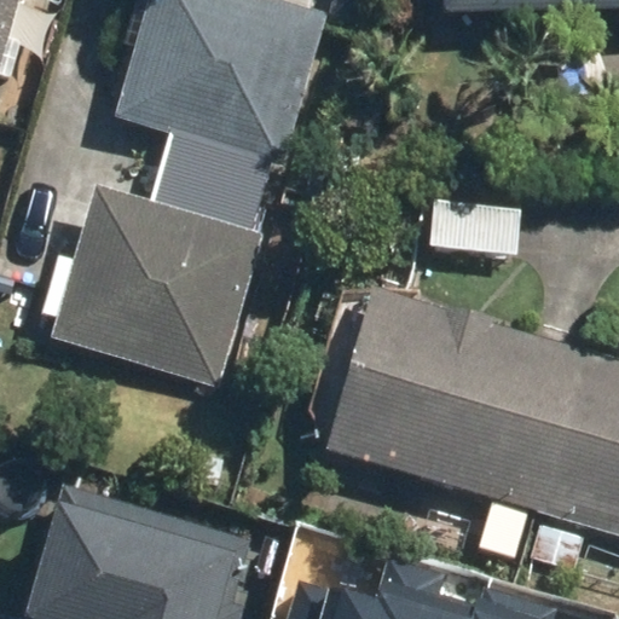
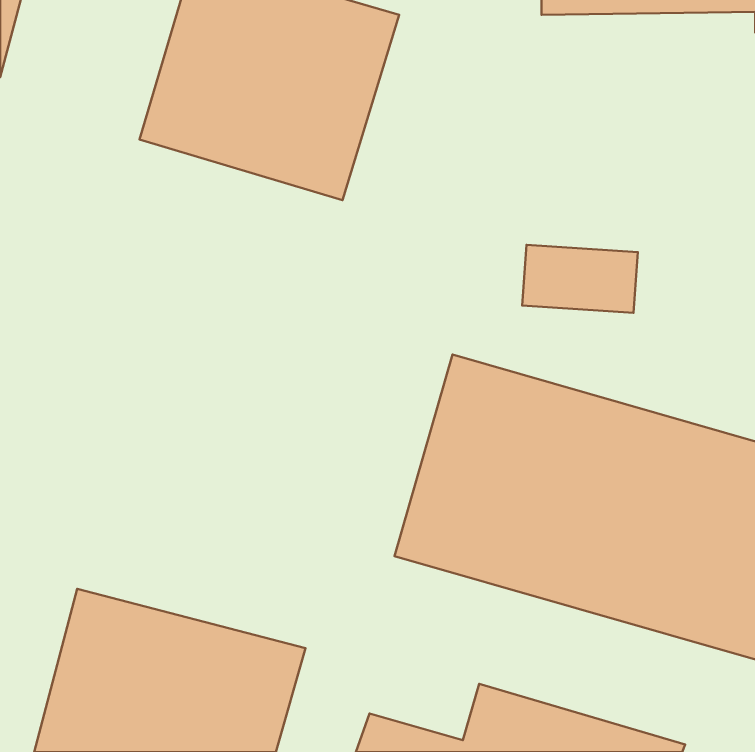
building: [50,183,262,392] -> none

